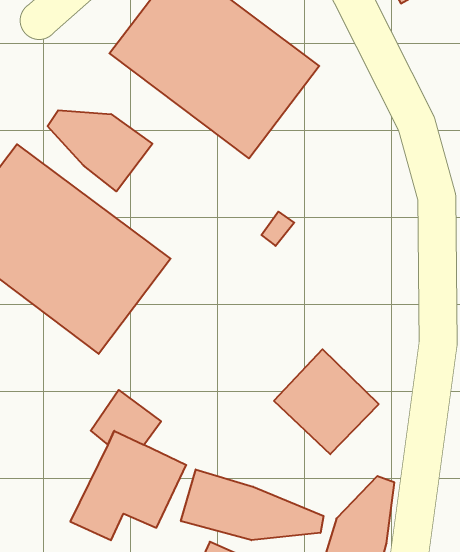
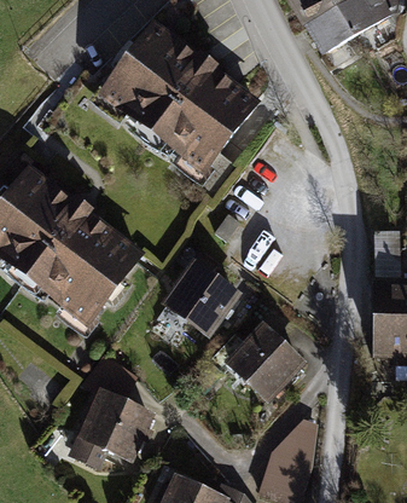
building: [48,110,152,191] -> none
building: none -> [162,260,242,337]
building: [181,469,324,540] -> none

